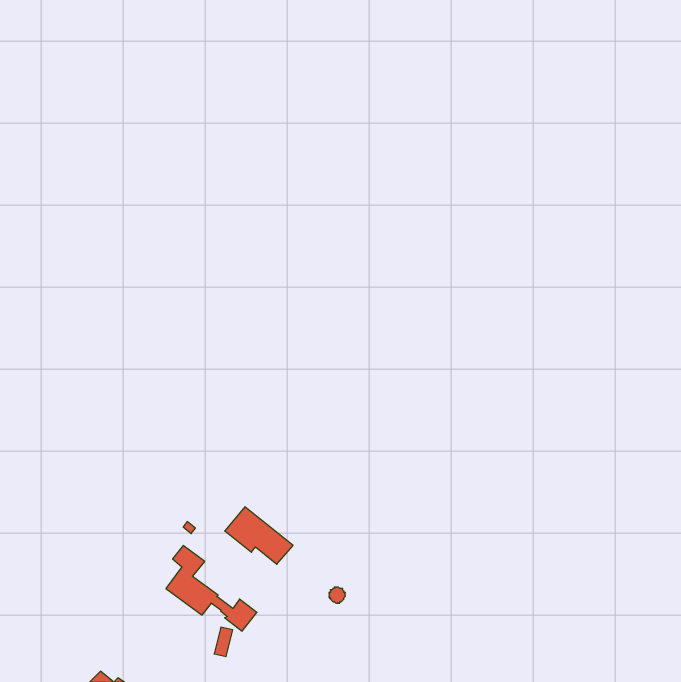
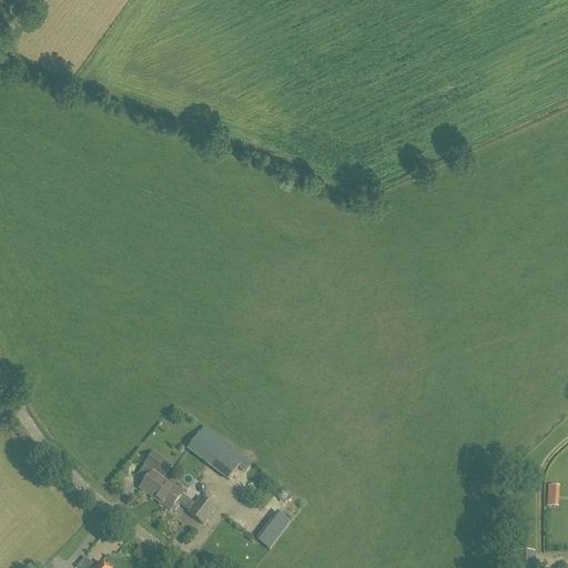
building: none -> [254,506,292,546]

